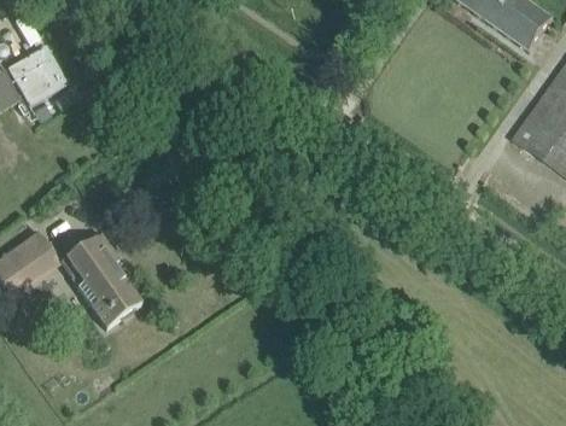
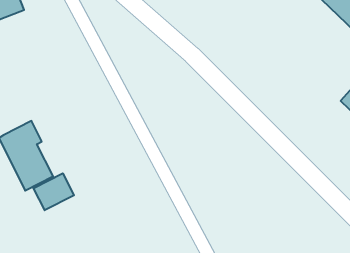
building: none -> [33,173,74,210]

